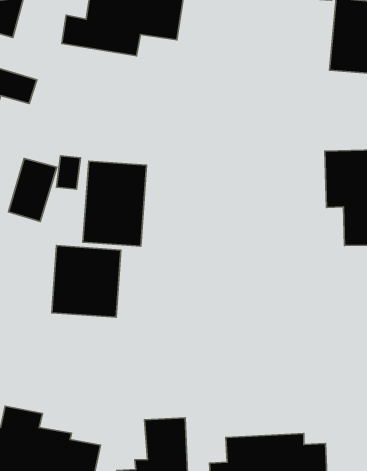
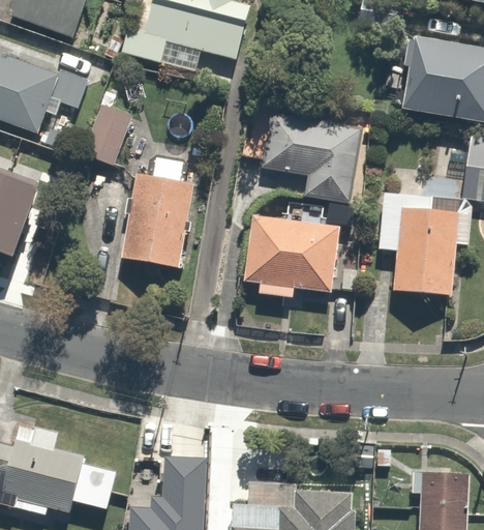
building: none -> [242,110,361,203]
building: [9,159,57,222] -> [81,99,135,167]
building: none -> [240,214,339,298]
building: [52,246,121,317] -> none

